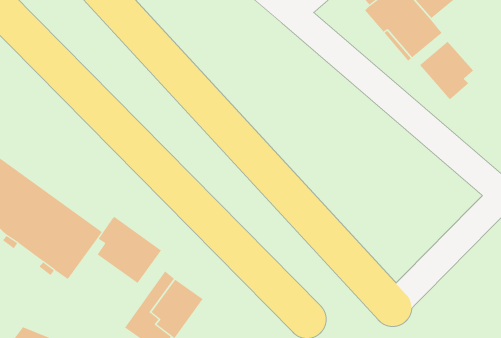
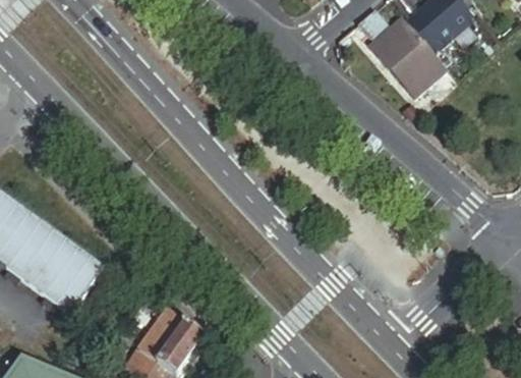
building: [419,41,474,100] -> none
building: [97,216,162,284] -> none

